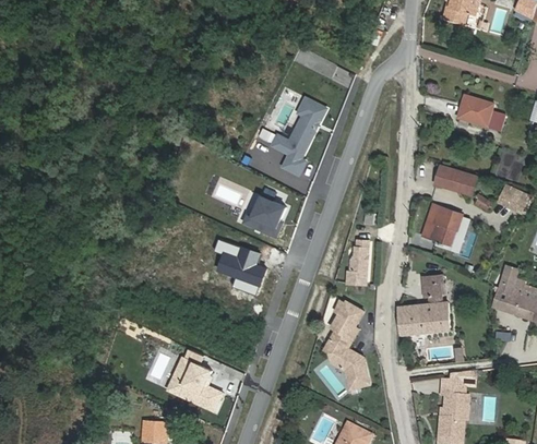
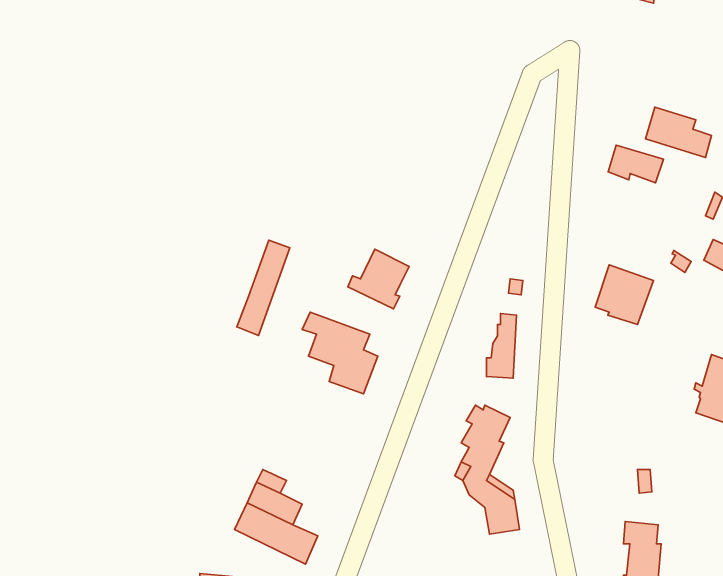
building: [277,95,332,172] -> none
building: [433,167,472,193] -> [608,145,663,183]
building: none -> [237,240,290,336]
building: [395,275,446,335] -> none

